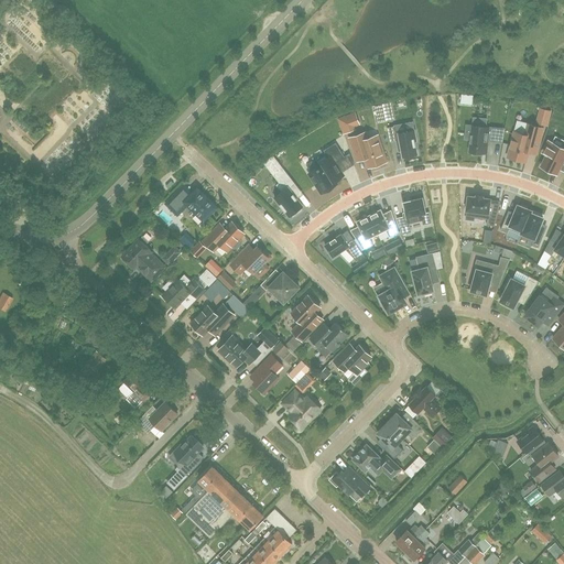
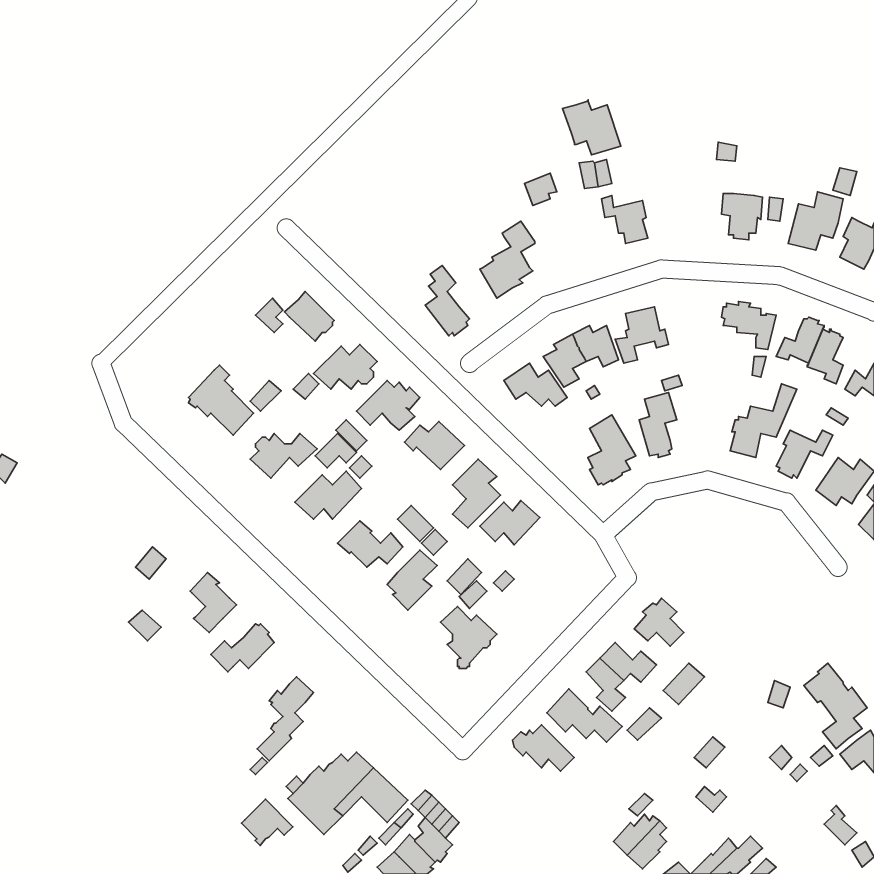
building: [348,131,386,166] -> [562,100,621,155]
building: [333,344,370,379] -> none
building: [196,466,229,496] -> [241,799,293,846]

